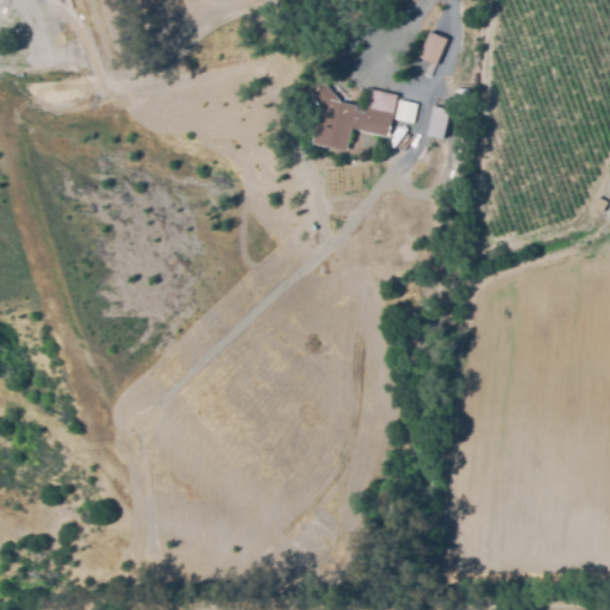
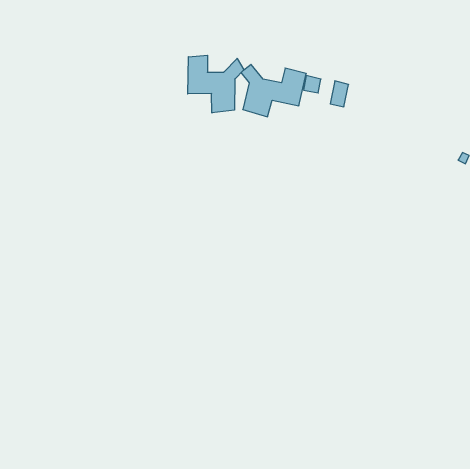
building: [417,29,444,62] -> none
building: none -> [188,55,244,113]

